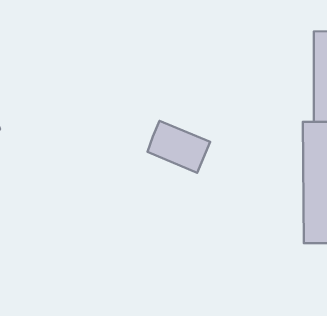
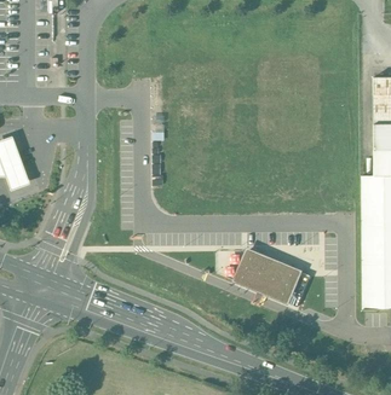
building: [147,121,210,173] -> [234,248,303,304]

